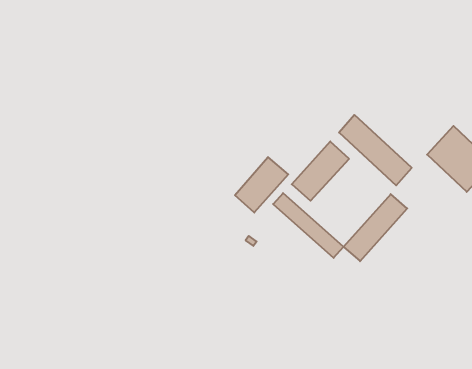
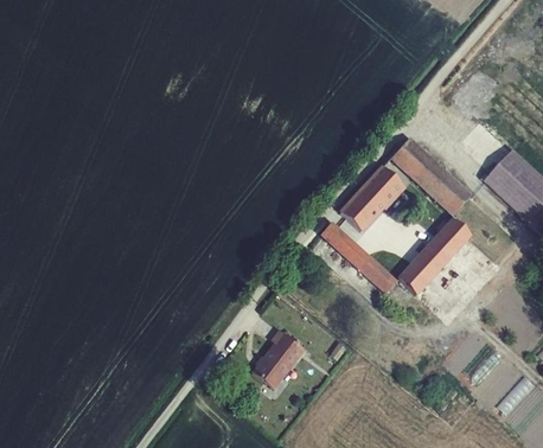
building: [235,157,288,213] -> none
building: none -> [253,331,305,389]

